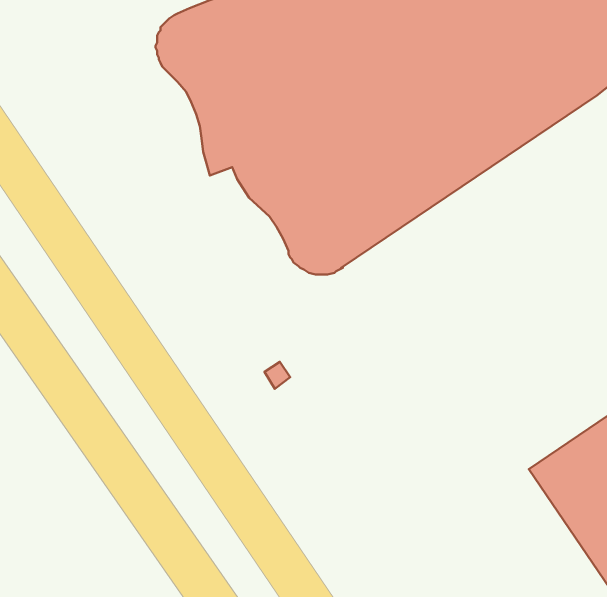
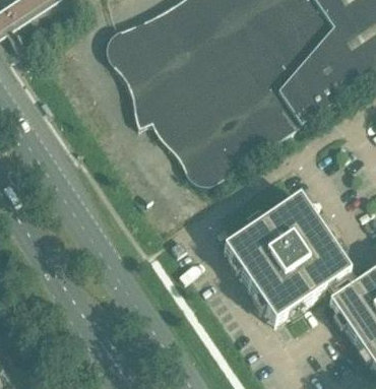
building: none -> [224,195,351,323]

